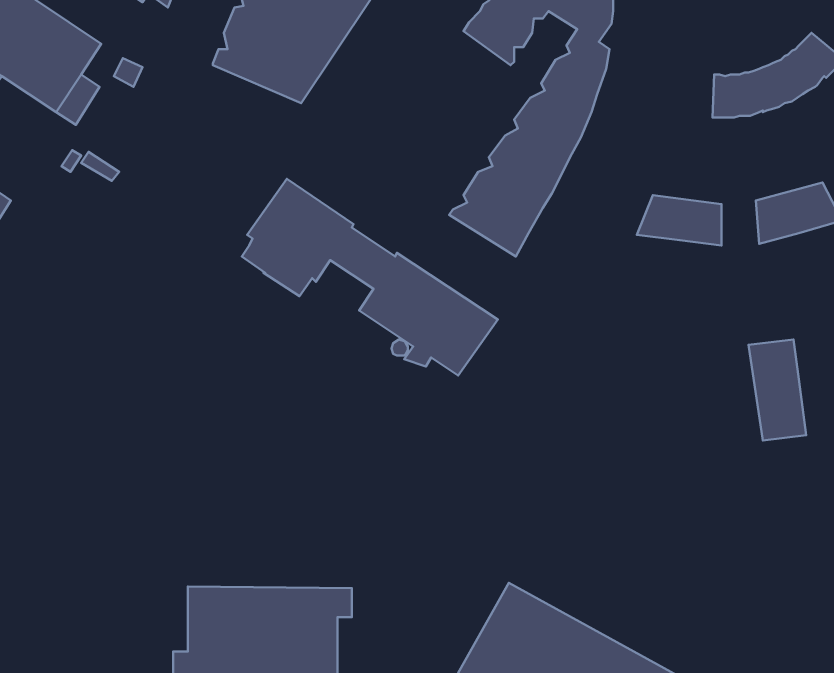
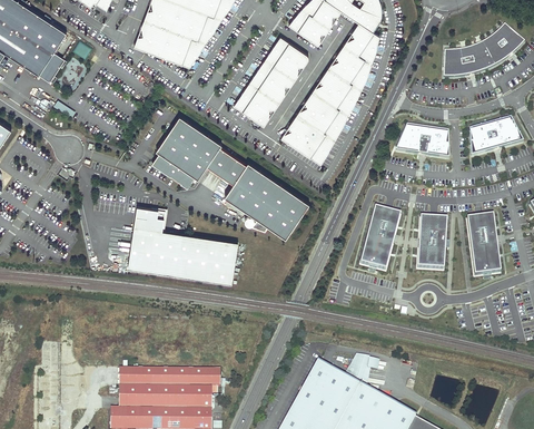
building: none -> [233,36,308,126]
building: none -> [127,206,236,283]
building: none -> [358,207,399,272]
building: none -> [416,216,446,271]

